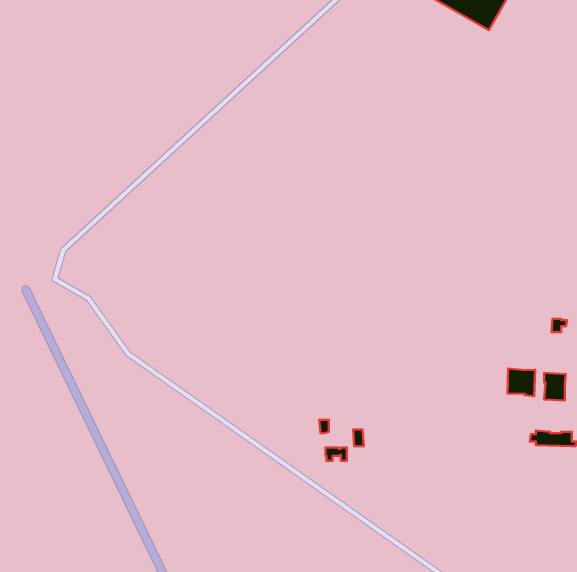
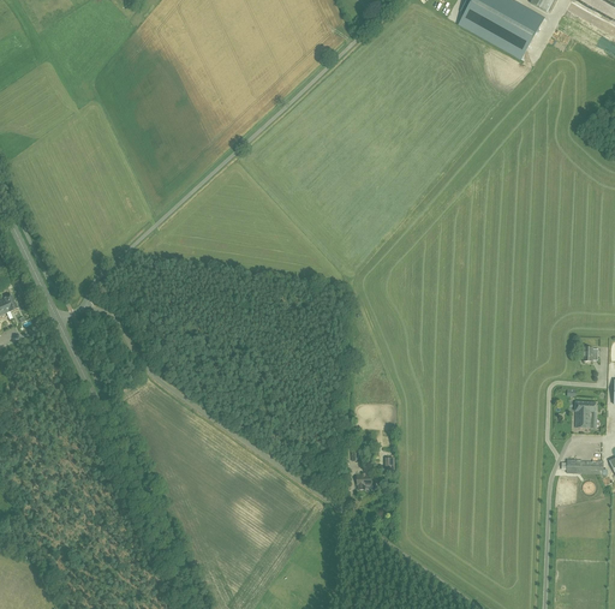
building: [507,369,535,396] -> none

